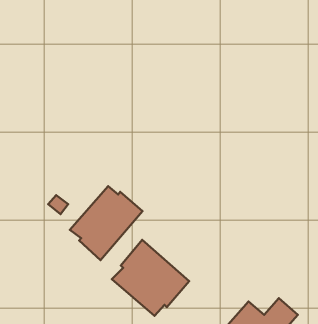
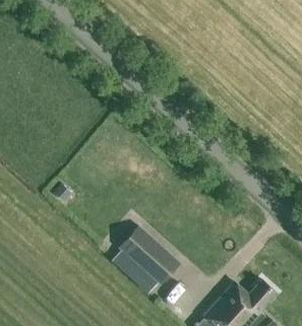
building: [70,186,143,260] -> none

